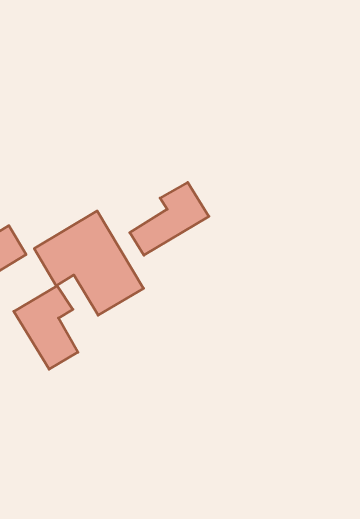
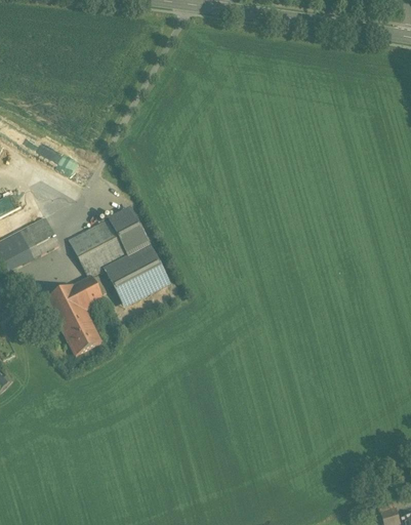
building: [130,182,209,255] -> none

